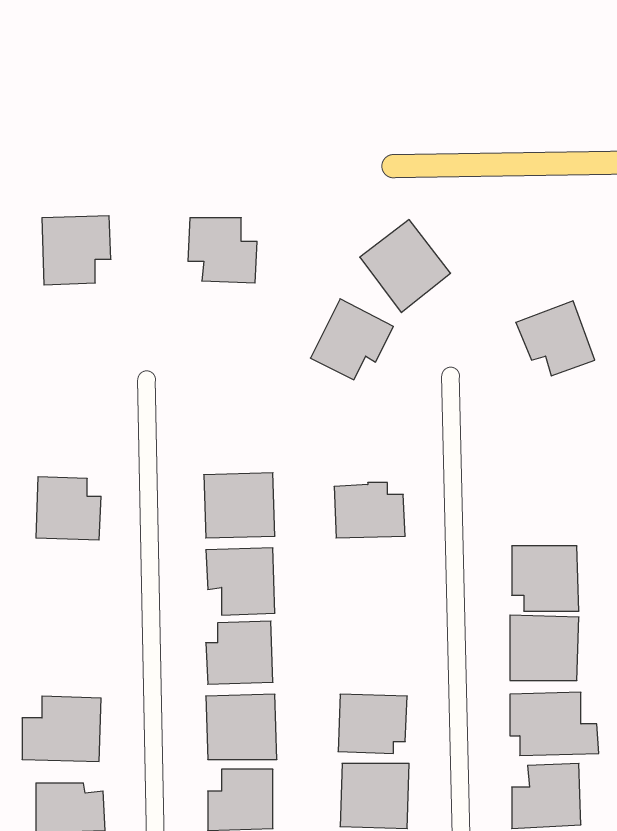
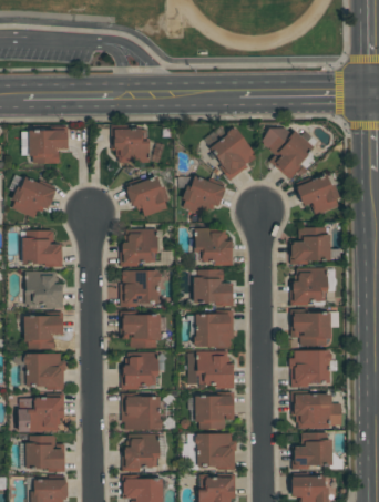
building: none -> [262,122,316,177]
building: none -> [126,174,171,216]
building: none -> [12,176,57,217]
building: none -> [290,227,330,263]
building: none -> [23,228,63,266]
building: none -> [121,228,158,264]
building: none -> [197,228,233,264]
building: none -> [291,269,328,303]
building: none -> [196,311,233,348]
building: none -> [25,314,64,389]
building: none -> [188,352,234,388]

